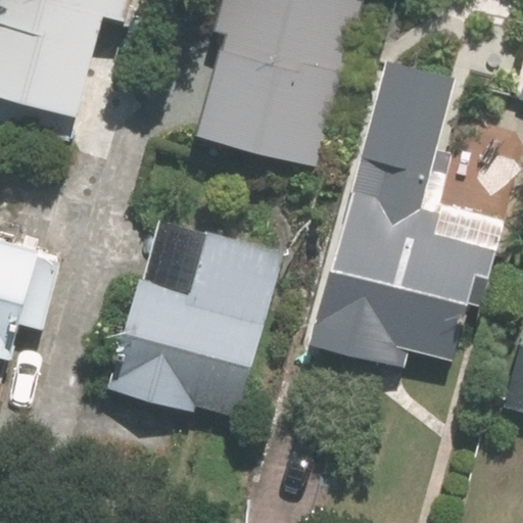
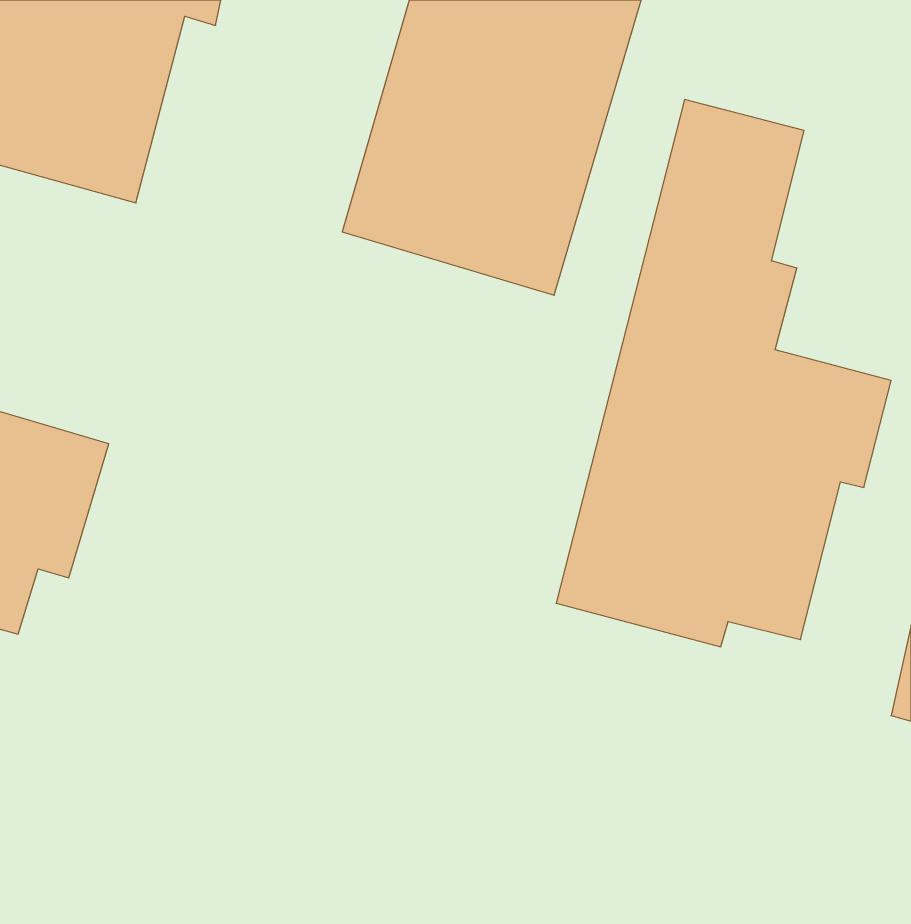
building: [107,221,275,418] -> none

